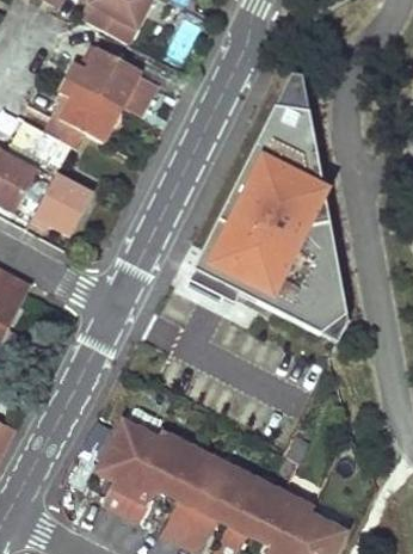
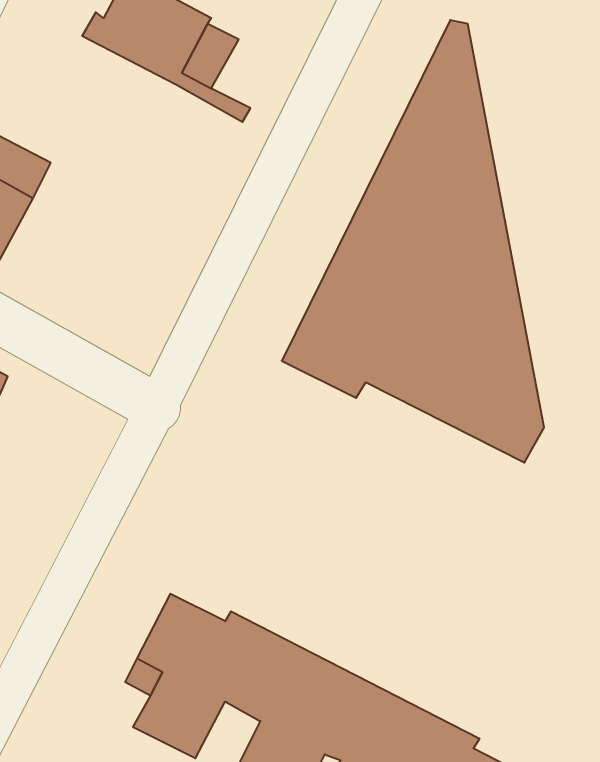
building: [44,78,124,152] -> none
building: [32,178,92,241] -> none

